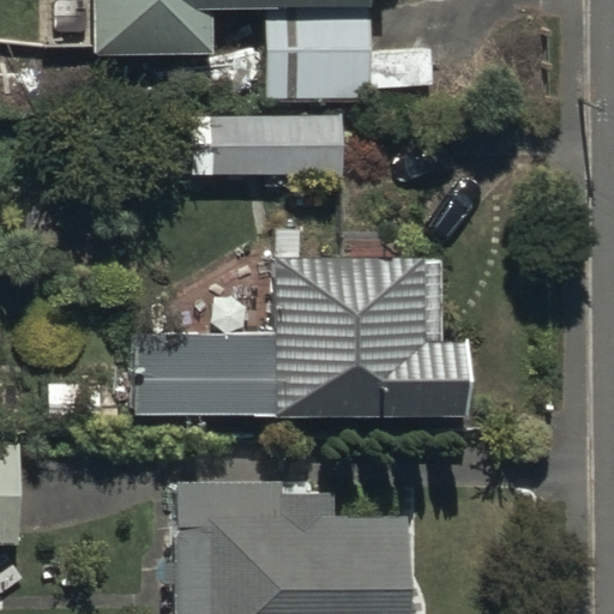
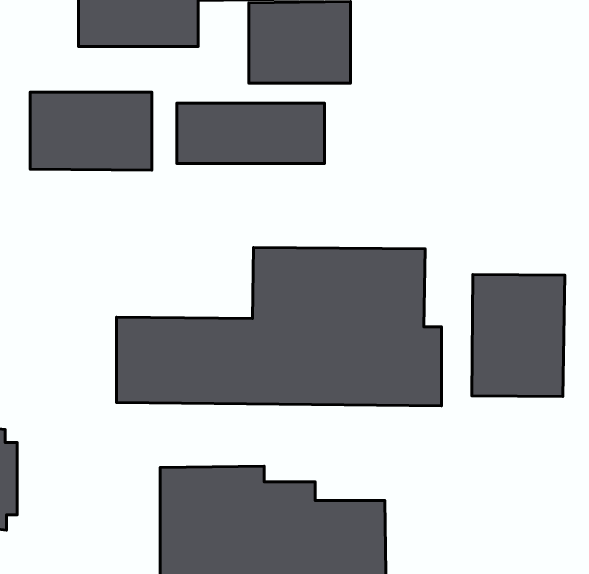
building: none -> [30,92,152,170]
building: none -> [472,275,565,397]

